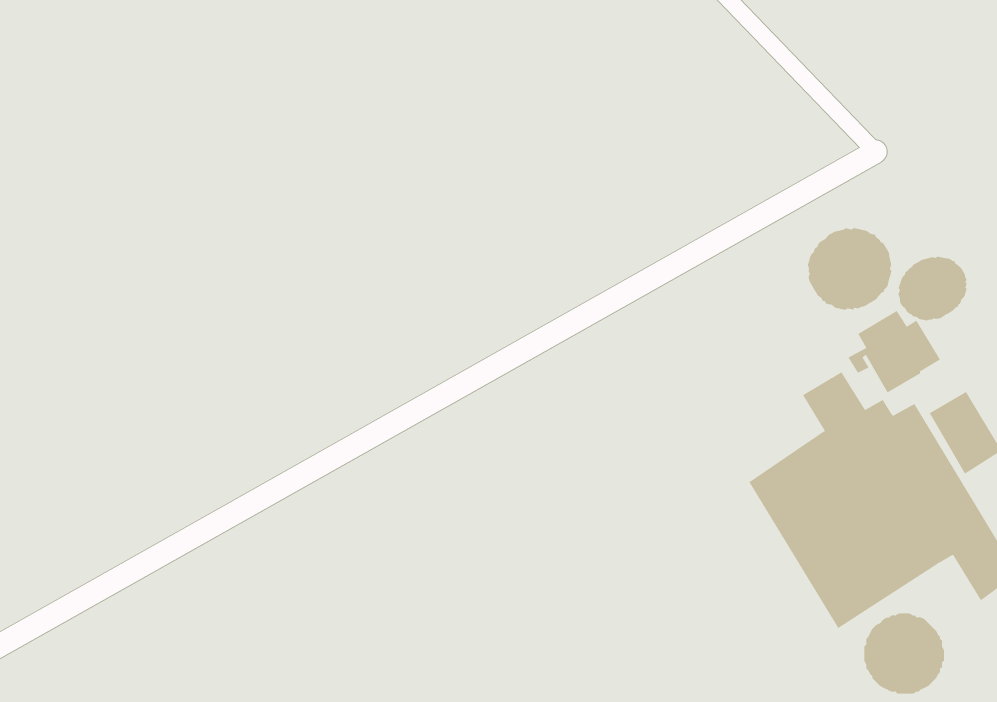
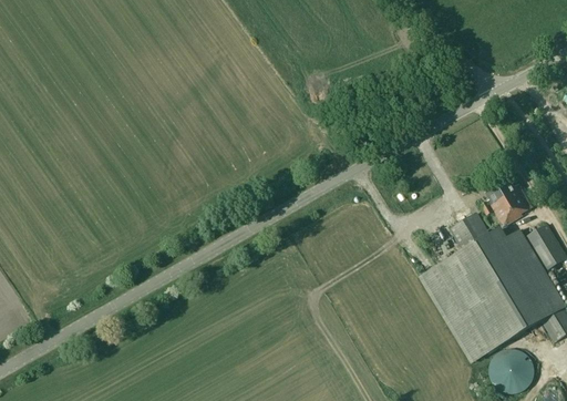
building: [807,227,892,311] -> none
building: [898,256,968,321] -> none

